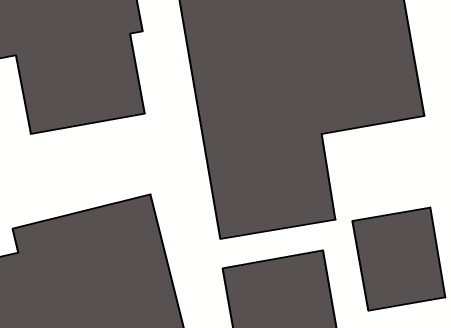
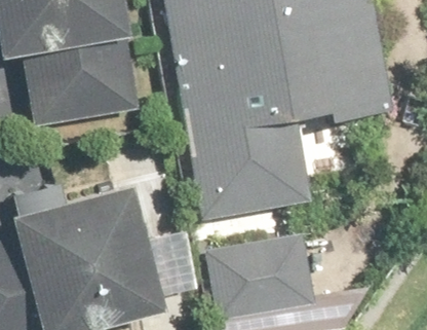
building: [352,207,445,311] -> none

